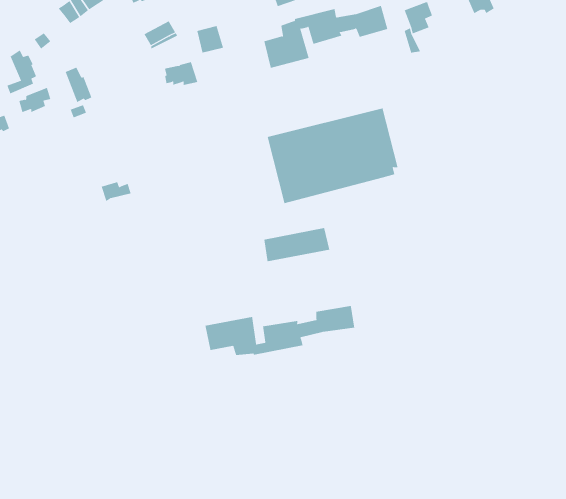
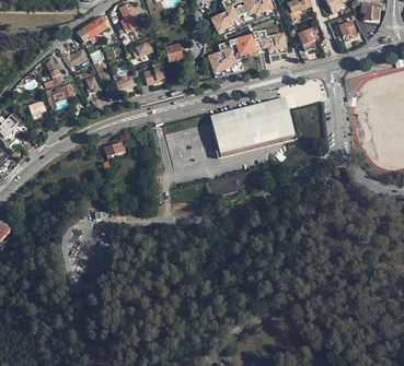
building: [205,305,355,356] -> none

